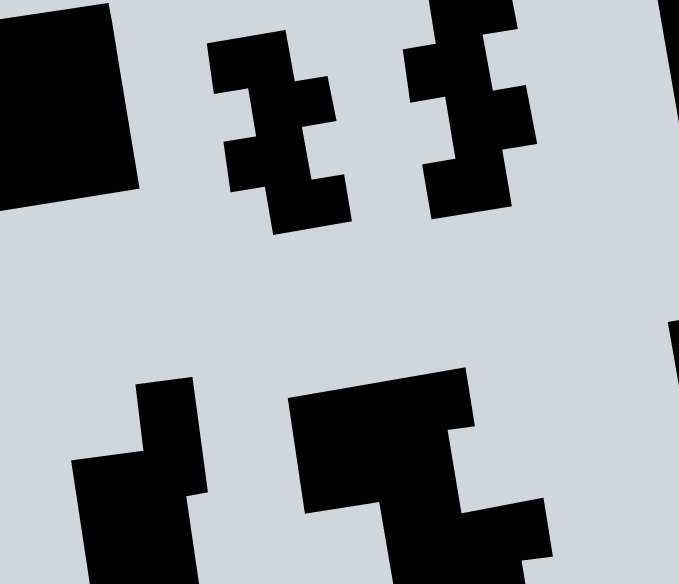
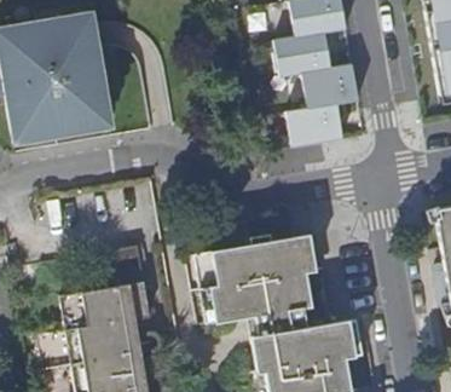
building: [206,29,353,236] -> none

